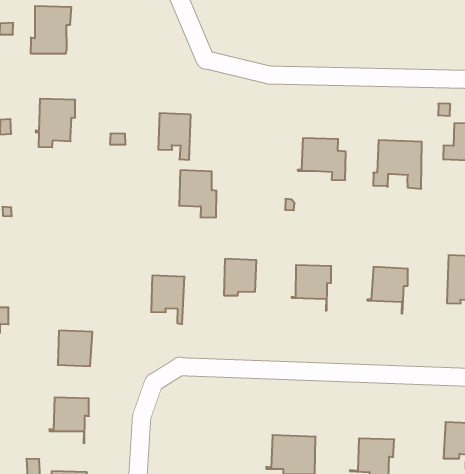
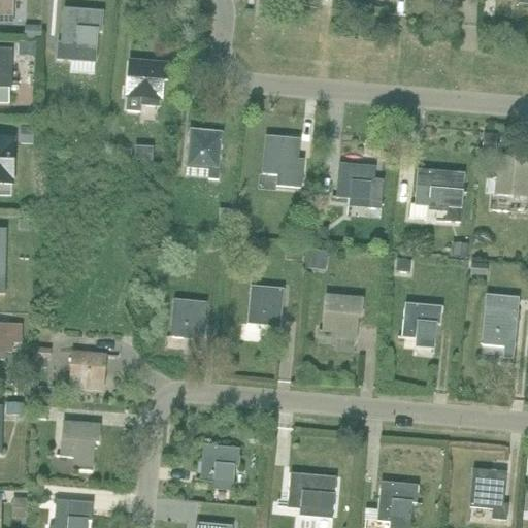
building: [36,99,75,147] -> [124,60,167,111]
building: [179,170,217,217] -> [263,135,303,187]
building: none -> [196,444,240,494]

